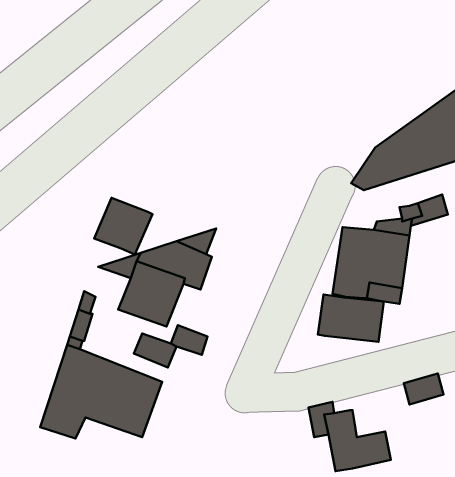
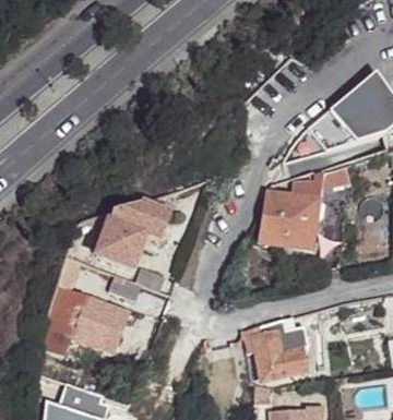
building: [94,198,152,255] -> none
building: [318,294,384,342] -> none

